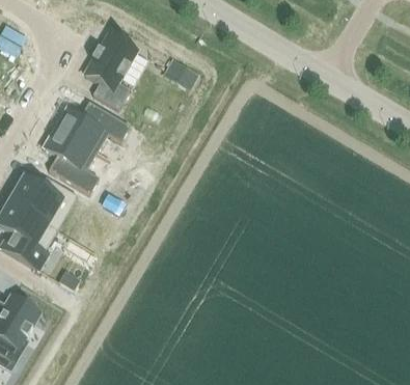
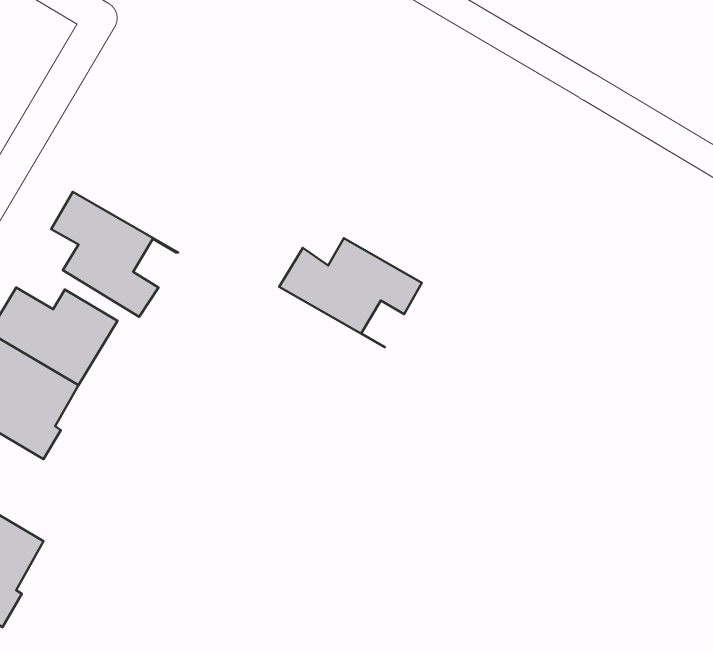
building: [85,32,136,107] -> none
building: [54,100,130,158] -> [279,238,422,347]

